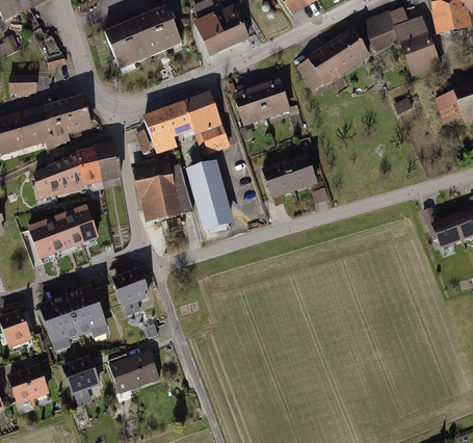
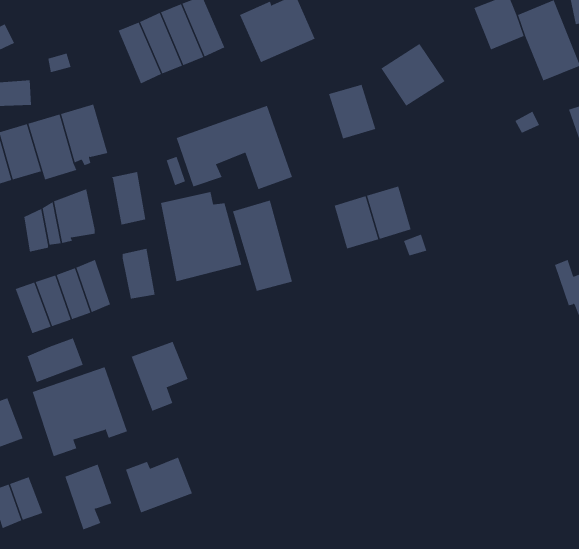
building: [324,26,373,74] -> none
building: [233,83,267,125] -> none
building: [79,146,104,183] -> [122,248,156,299]
building: none -> [27,337,84,383]

